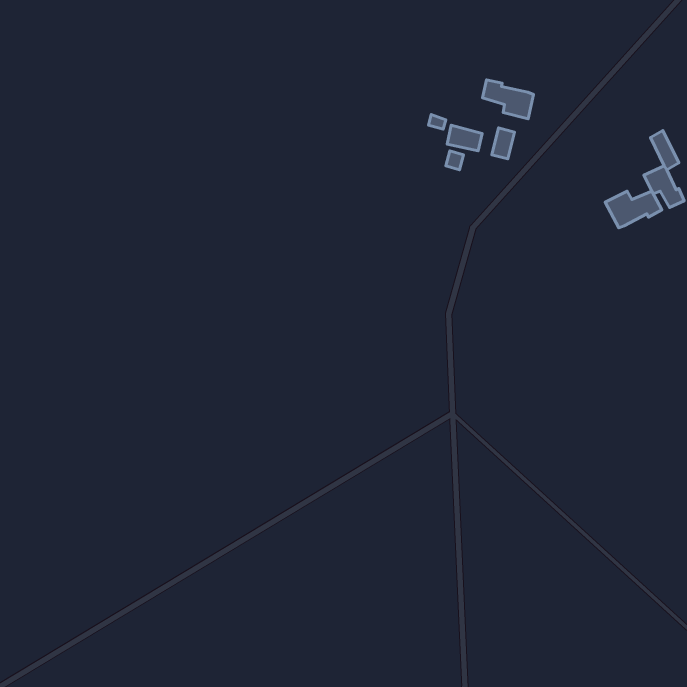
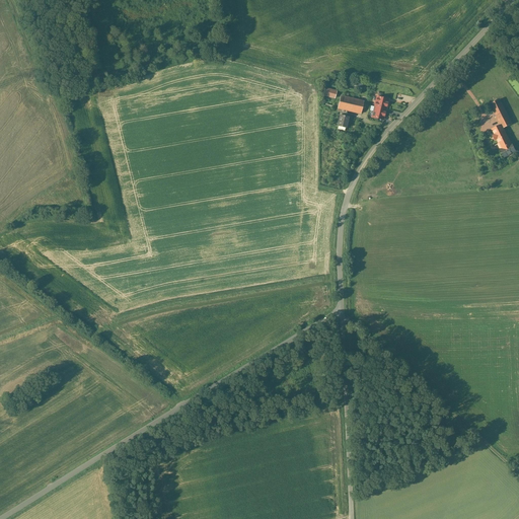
building: [483,80,533,119] -> none
building: [605,191,662,228] -> none

